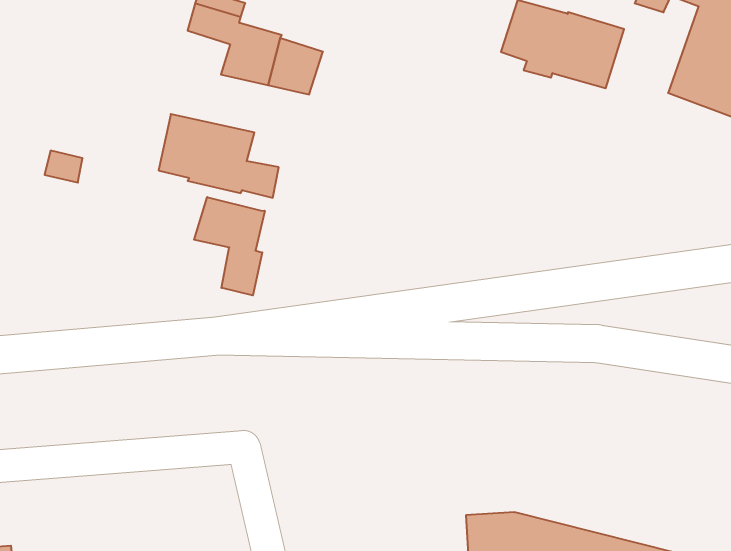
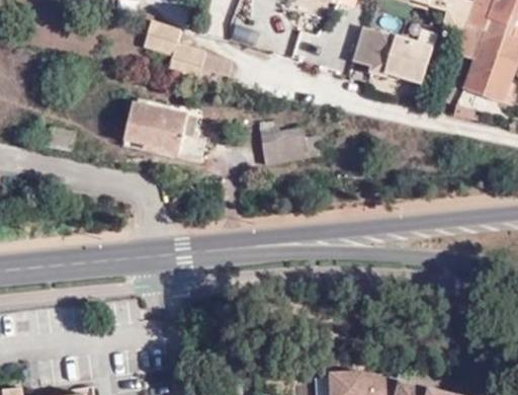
building: none -> [261,134,309,163]
building: [194,197,265,295] -> none

